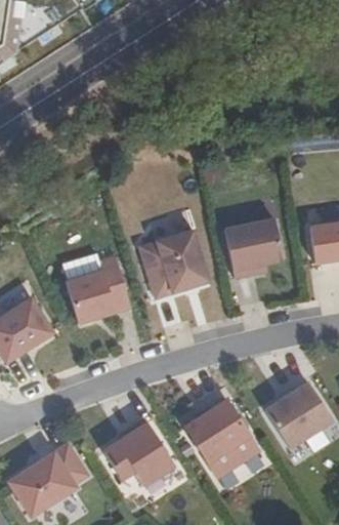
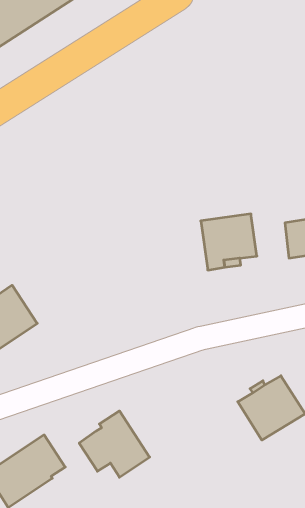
building: [141,225,209,294] -> none
building: [67,250,130,319] -> none
building: [183,400,257,479] -> none

